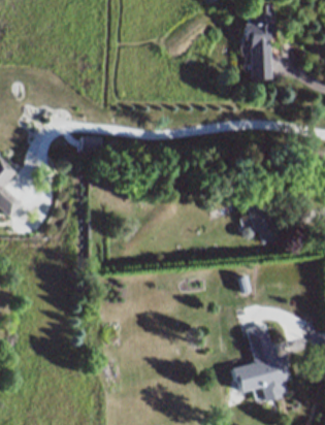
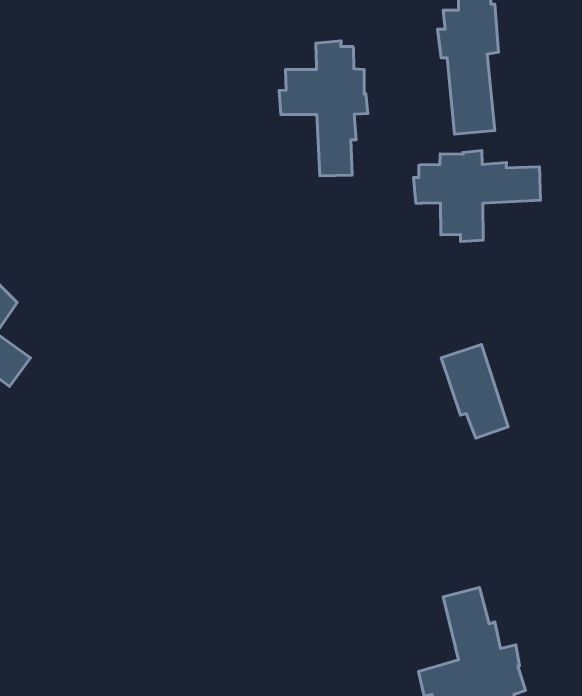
building: none -> [279,41,368,176]
building: none -> [414,150,541,241]

